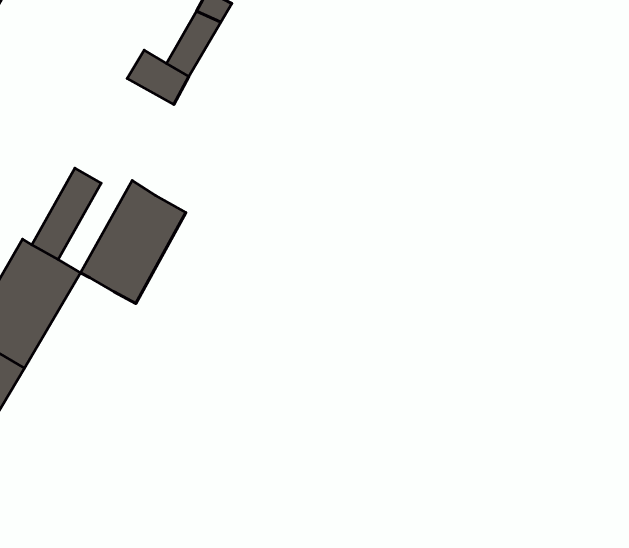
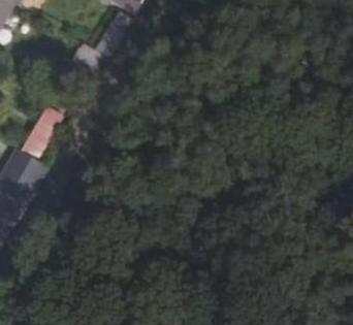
building: [80,181,186,304] -> none

